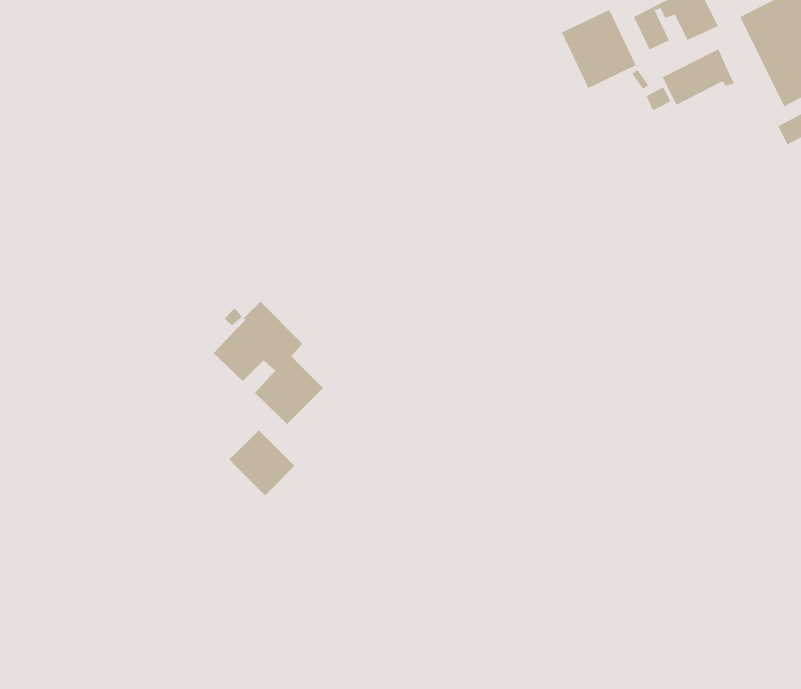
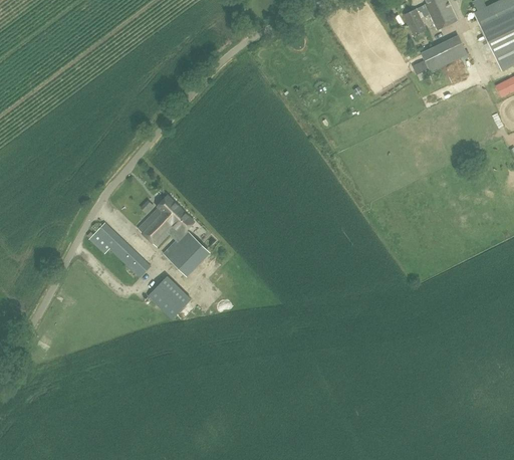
building: [561,9,636,89] -> none
building: none -> [89,223,151,277]

